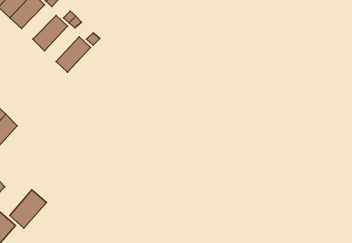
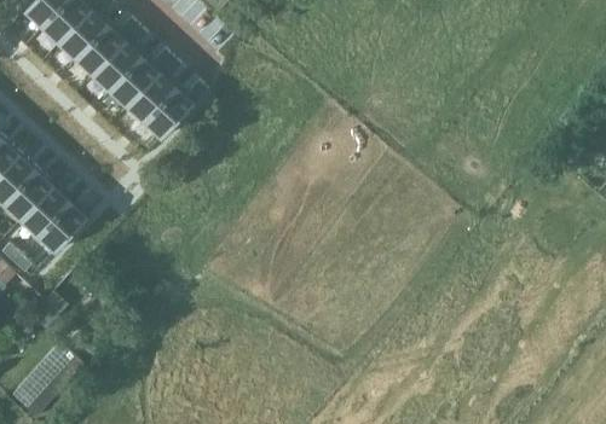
building: none -> [92,39,143,89]
building: none -> [126,70,177,122]
building: [10,190,47,228] -> none

